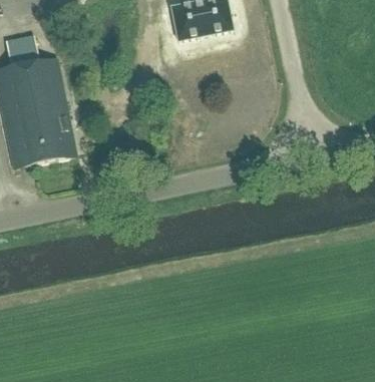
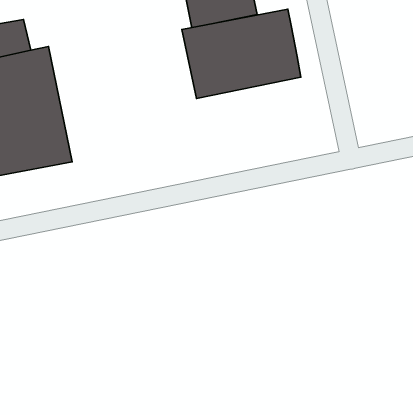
building: none -> [182,9,301,98]

